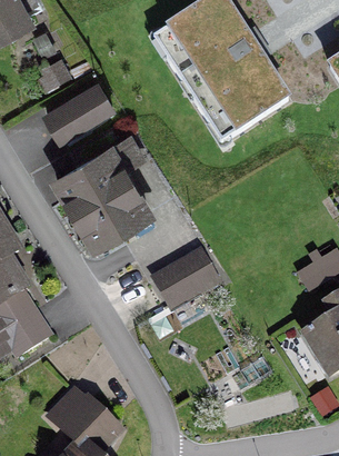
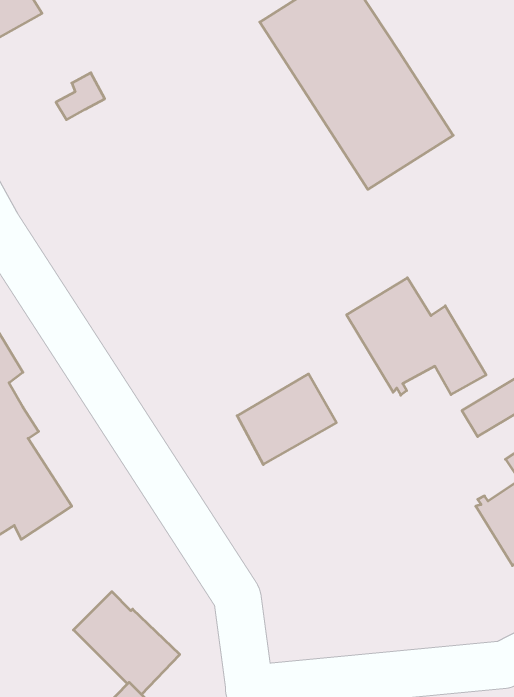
building: [44,81,110,136] -> none
building: [54,135,146,240] -> none
building: none -> [347,278,486,395]

